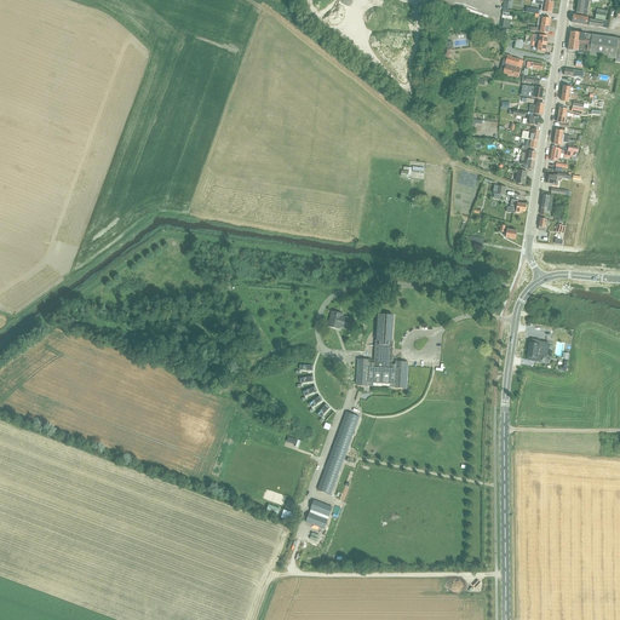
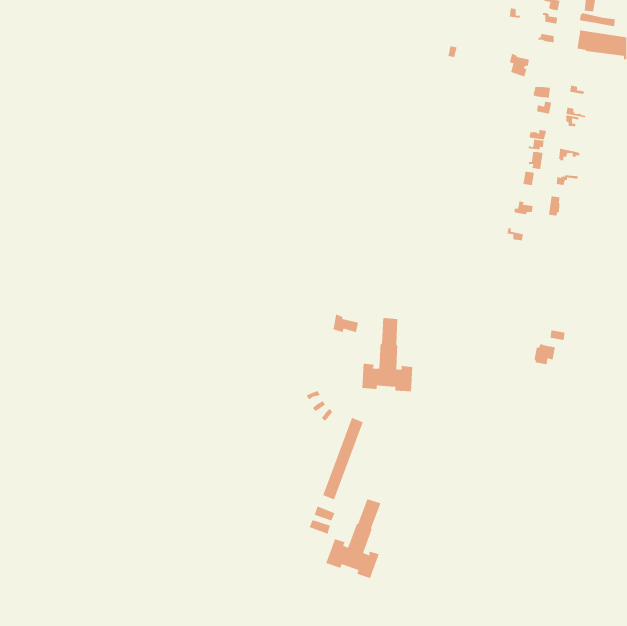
building: none -> [325,498,381,579]

